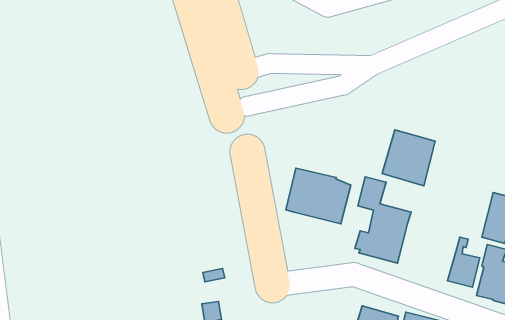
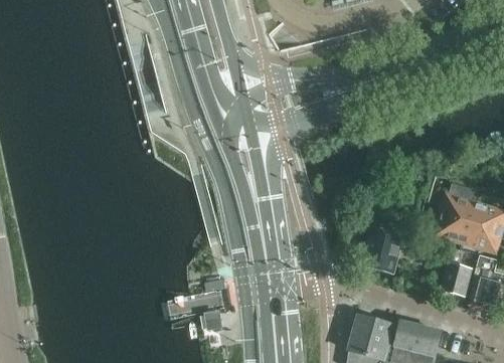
building: [382,130,435,186] -> [435,192,486,246]
building: [286,168,351,224] -> none

